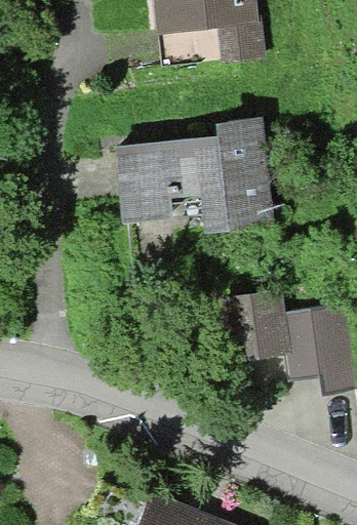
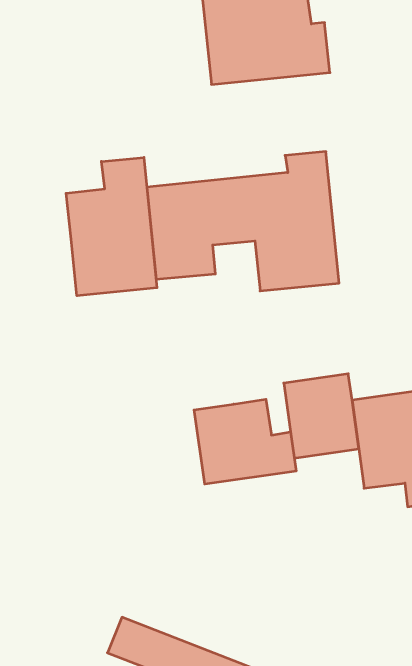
building: none -> [66,157,157,296]
building: none -> [194,399,296,484]

